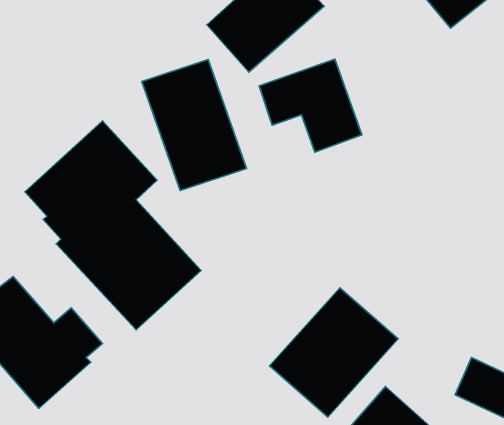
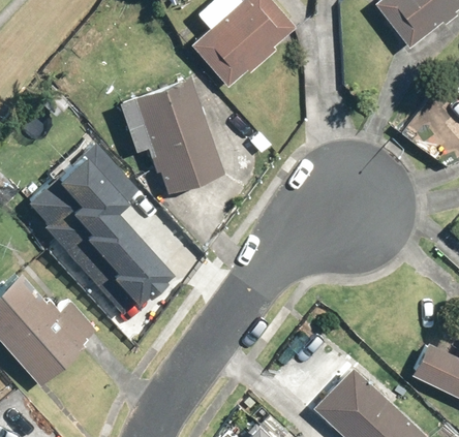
building: [259,59,362,152] -> none
building: [269,288,398,417] -> none

